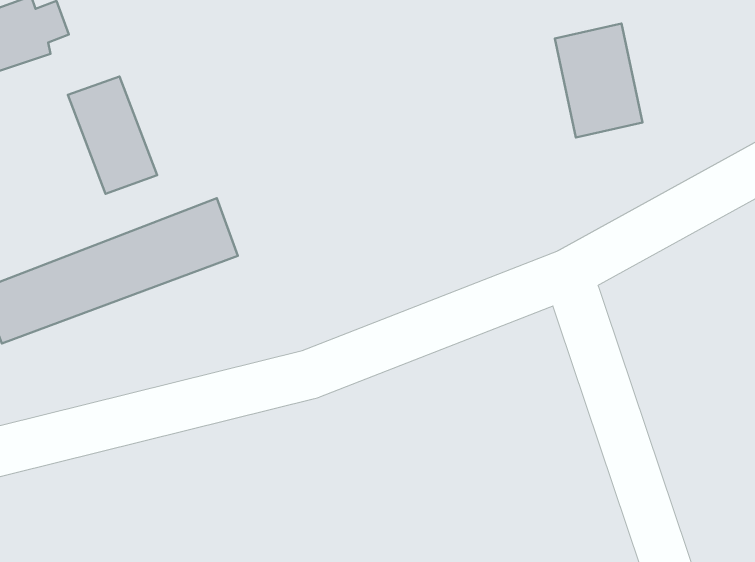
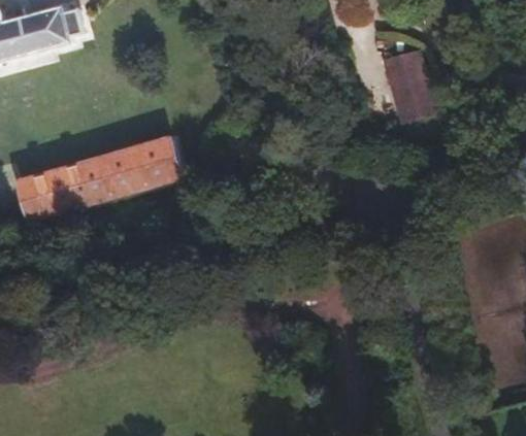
building: [68,76,157,194] -> none

